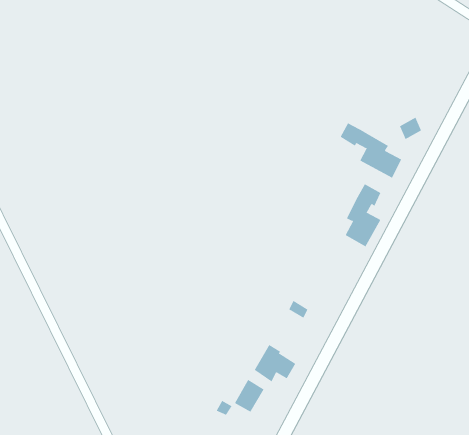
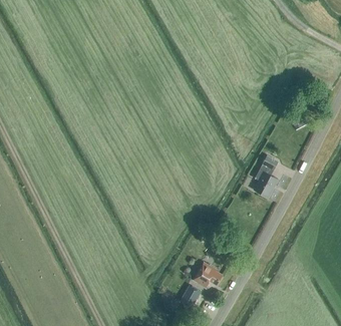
building: [340,122,402,178] -> none

